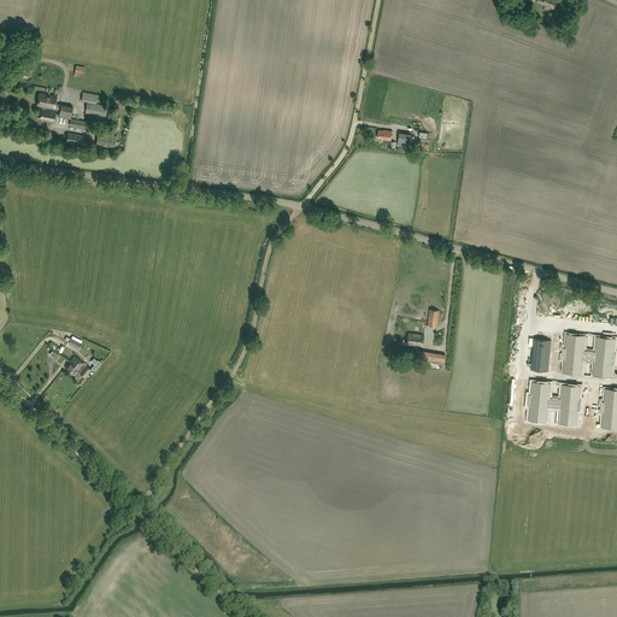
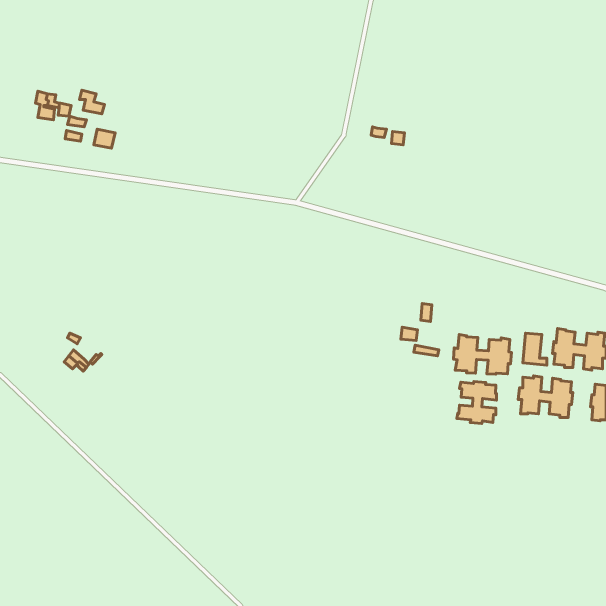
building: none -> [453,335,511,374]
building: none -> [457,382,497,424]

